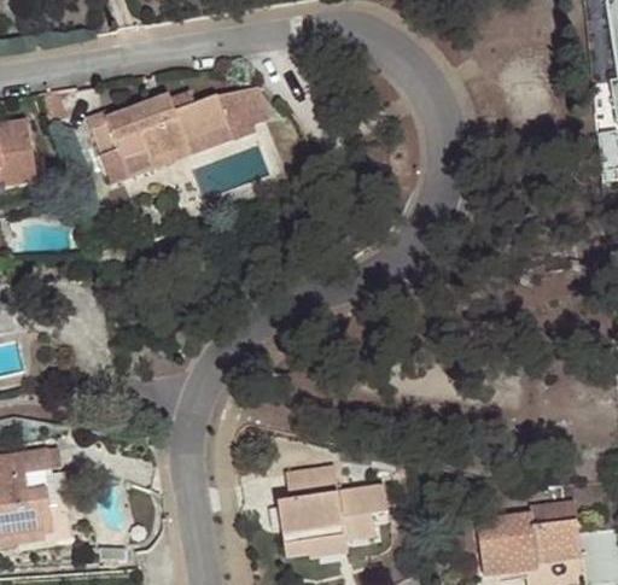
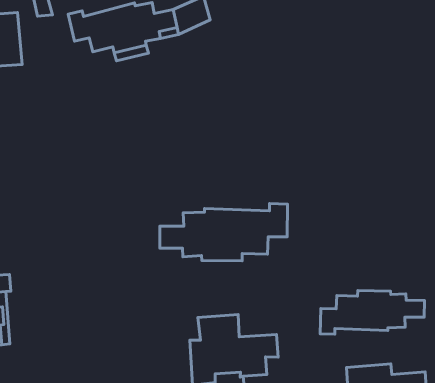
building: none -> [160,204,287,261]
building: none -> [320,290,425,334]

